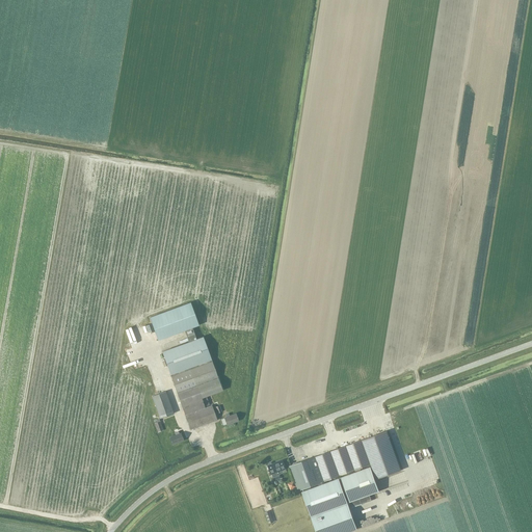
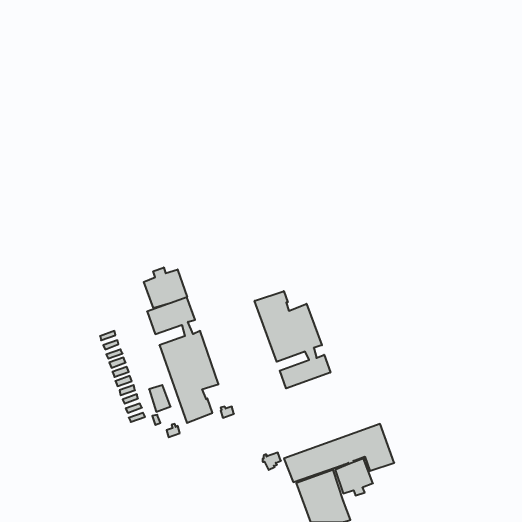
building: none -> [144,267,187,308]
building: none -> [255,291,330,388]

